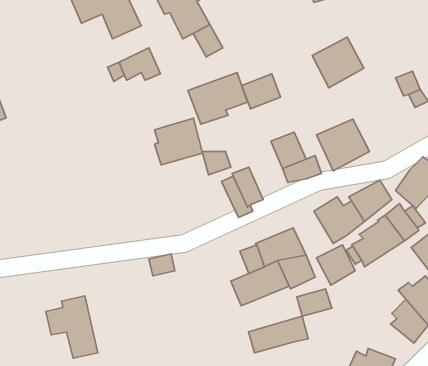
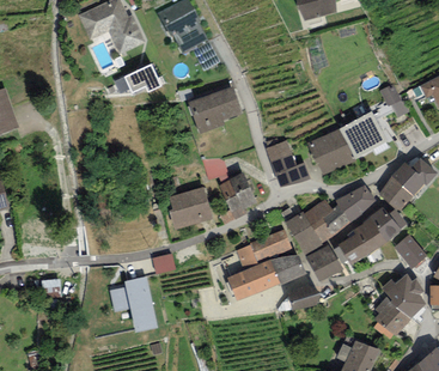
building: [312,37,364,88] -> [340,111,388,158]
building: [242,74,280,109] -> none
building: [155,118,203,165] -> [169,186,213,229]
building: none -> [286,211,322,254]
building: [46,296,98,358] -> [110,275,158,333]
building: [248,316,308,353] -> none

